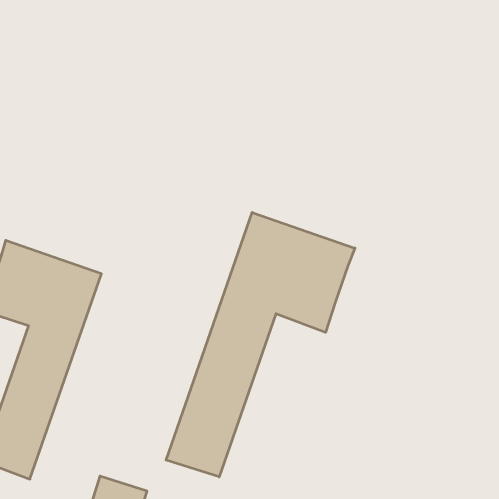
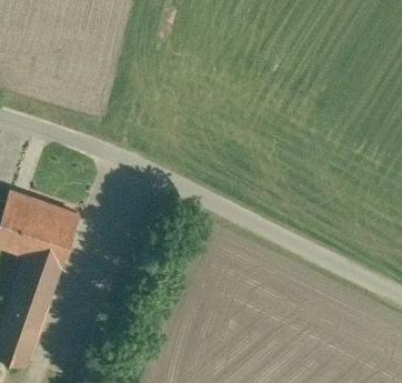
building: [166,212,355,477] -> none

